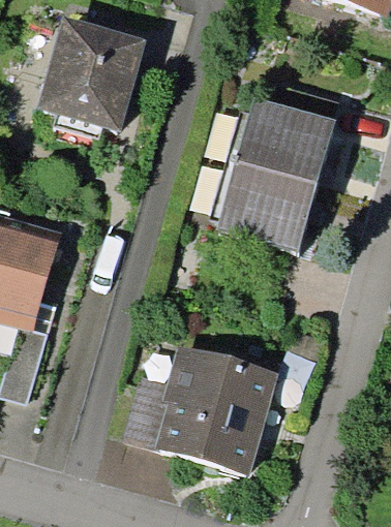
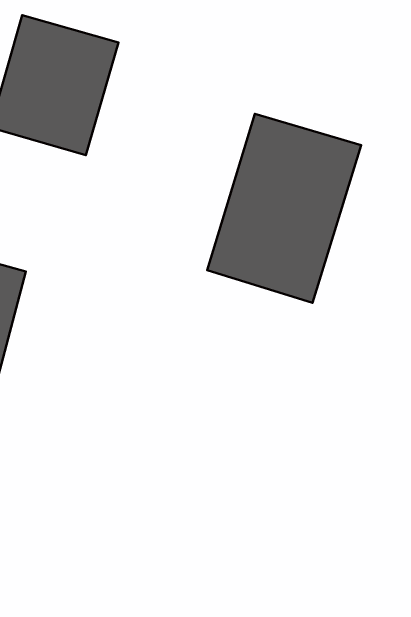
building: [150,344,279,477] -> none

